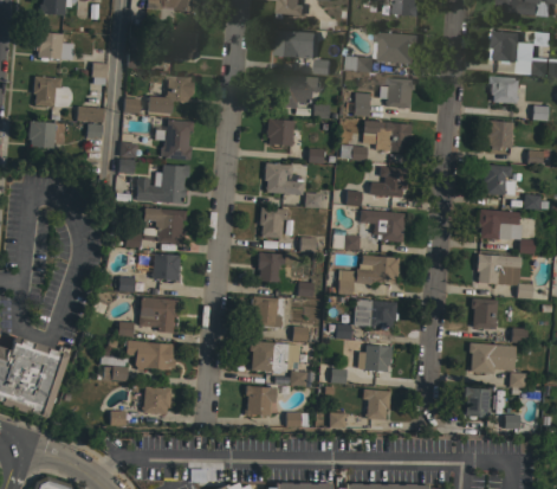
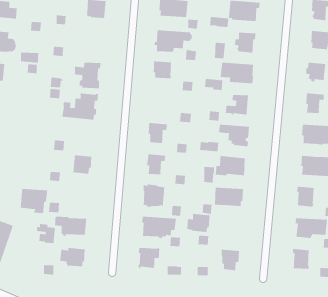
building: [149,76,195,114] -> none
building: [265,163,304,195] -> none
building: [144,207,187,244] -> none
building: [140,297,180,334] -> [20,188,48,214]
building: [358,345,393,373] -> [186,213,210,233]

